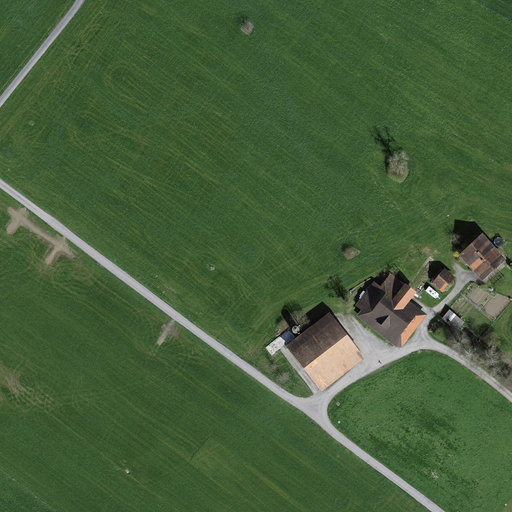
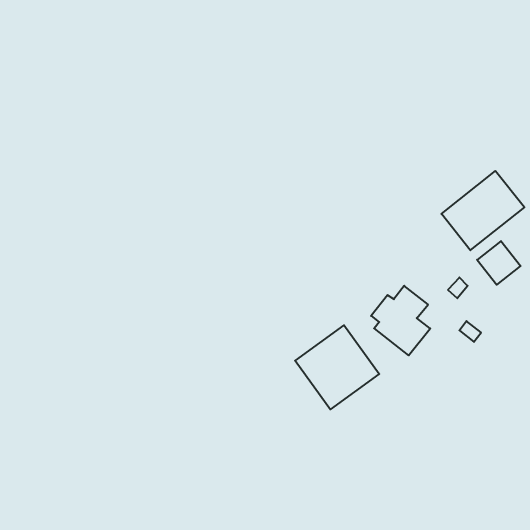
building: none -> [441,171,524,250]

